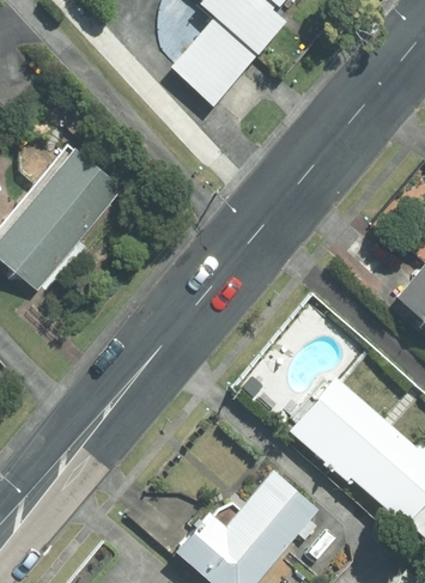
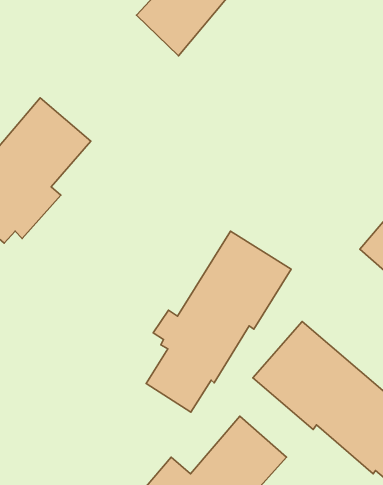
building: none -> [146,231,291,412]

